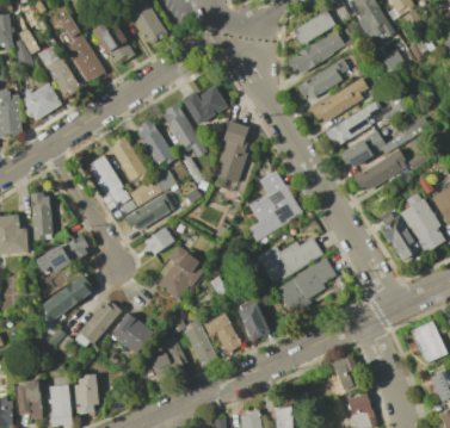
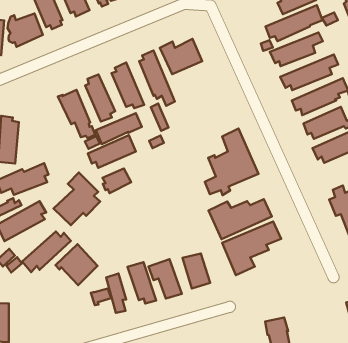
building: [214,120,247,181] -> none
building: [156,244,203,299] -> [54,173,100,225]
building: [74,374,98,413] -> none

